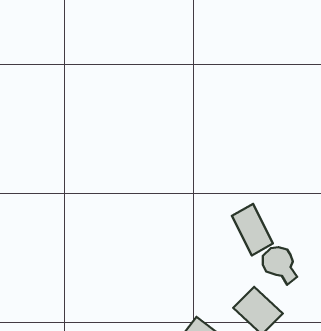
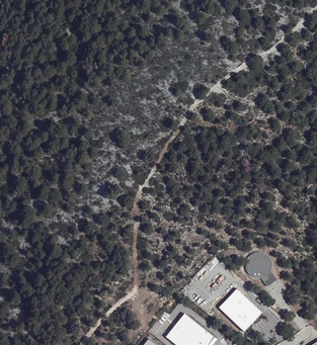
building: [232,204,273,255] -> none

